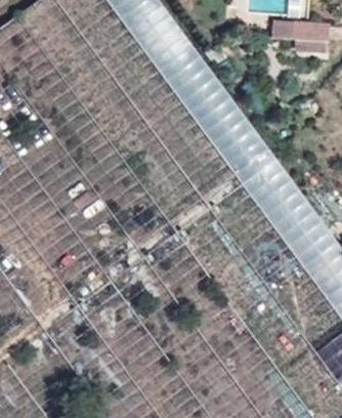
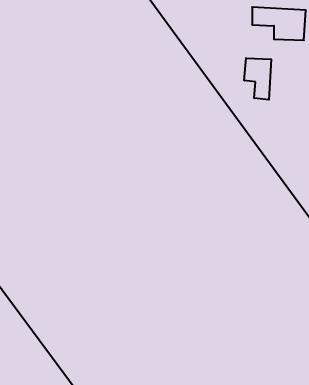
building: none -> [244,58,271,100]

